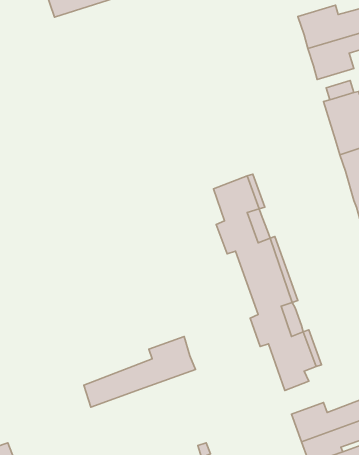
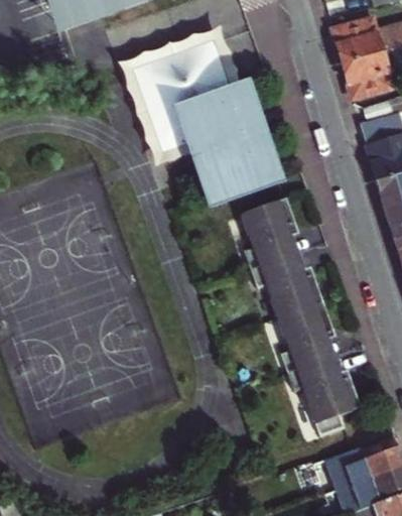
building: none -> [131,40,277,199]
building: [84,337,195,407] -> none

